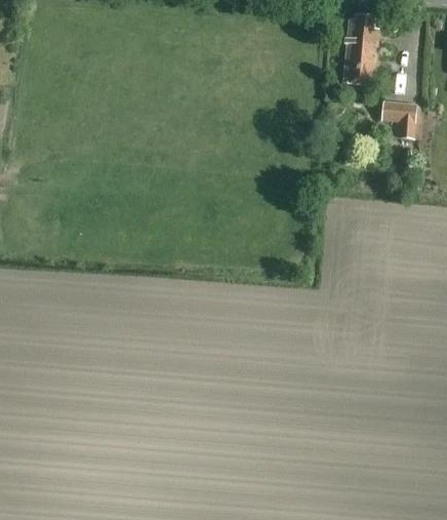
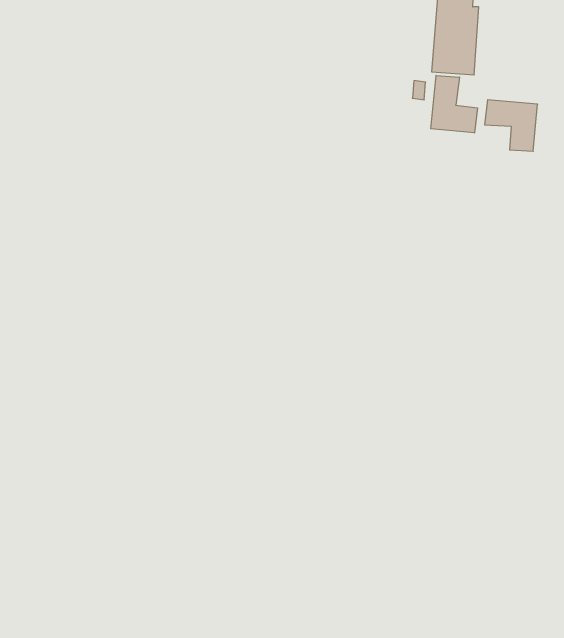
building: none -> [431,75,477,133]

